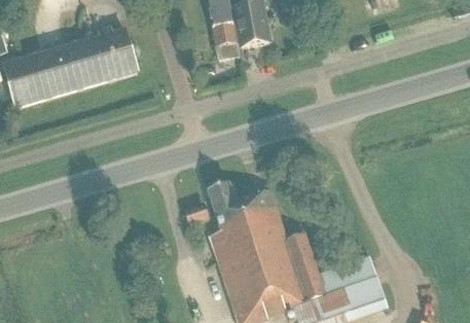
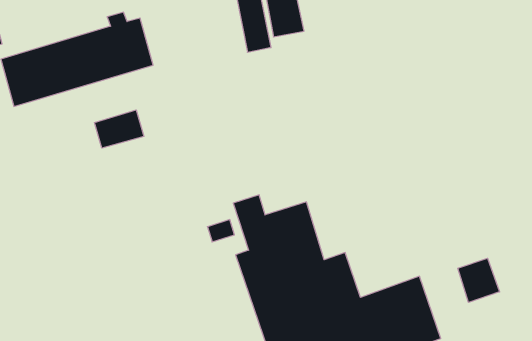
building: none -> [95,110,144,148]
building: none -> [458,258,500,302]

